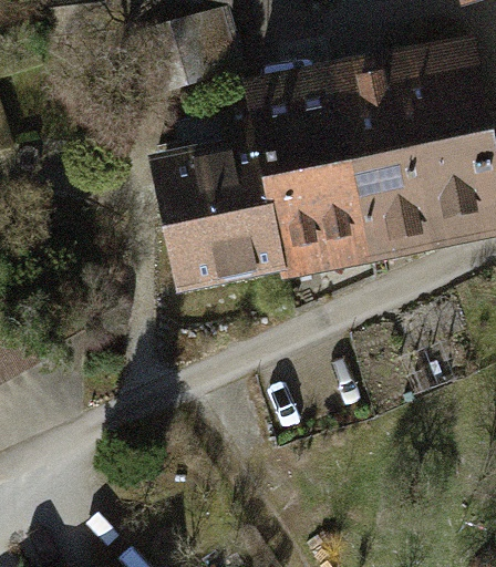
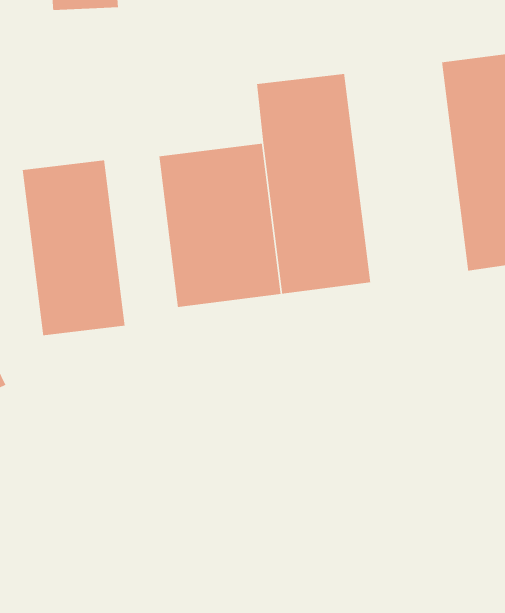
building: [310,58,428,254] -> none
building: none -> [22,160,126,336]

